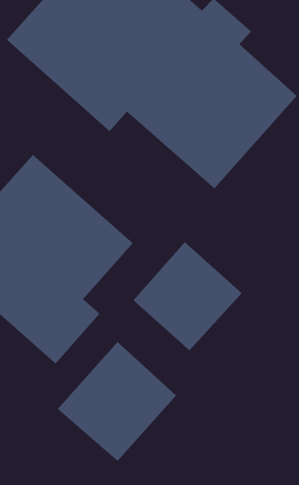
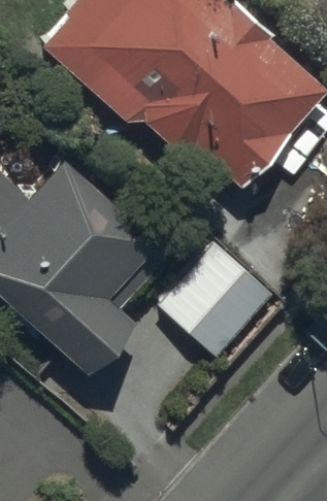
building: [57,341,177,462] -> none

